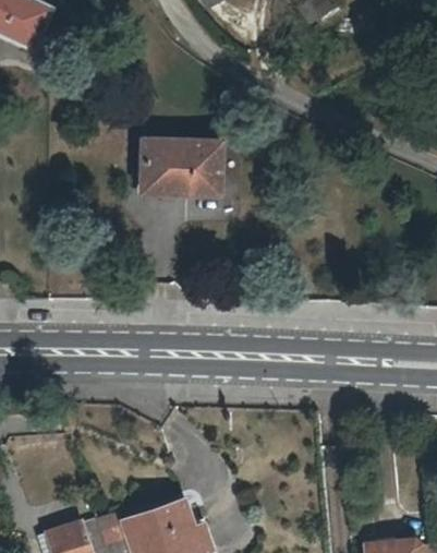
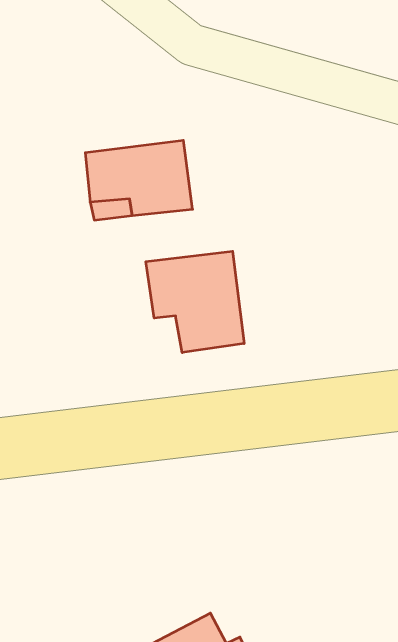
building: none -> [146,251,244,353]

